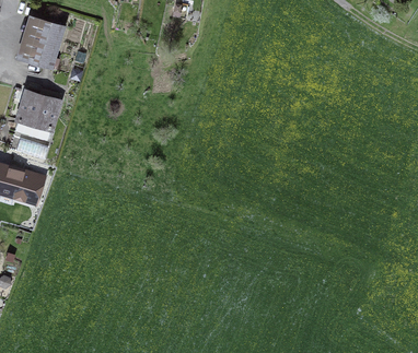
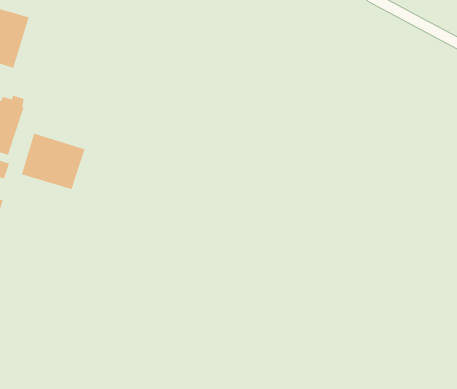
building: none -> [21,133,85,190]

